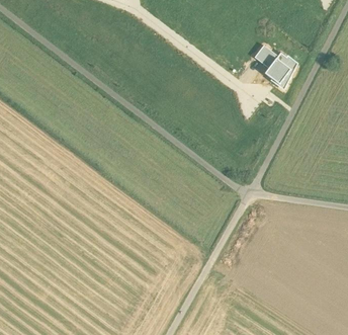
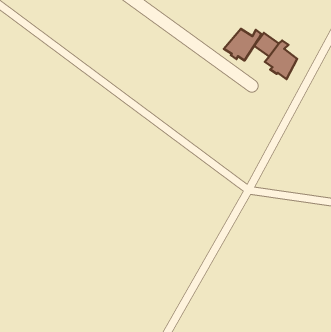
building: none -> [224,29,261,60]

